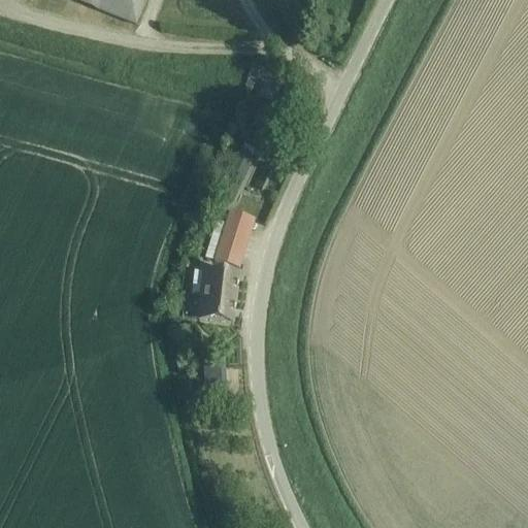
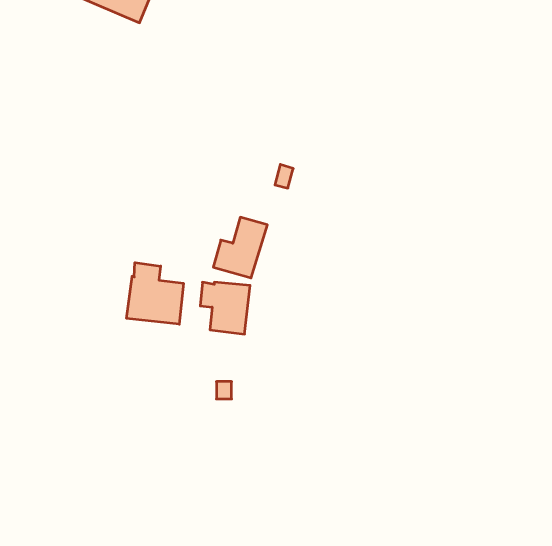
building: none -> [127,263,183,324]

